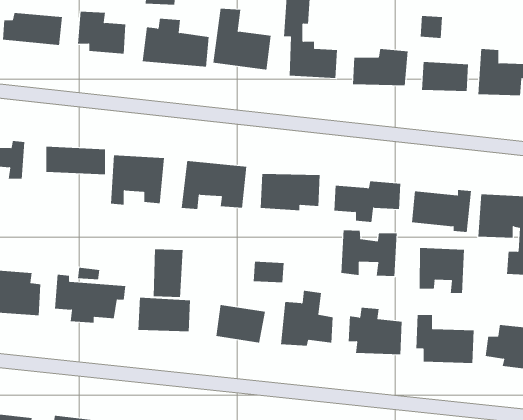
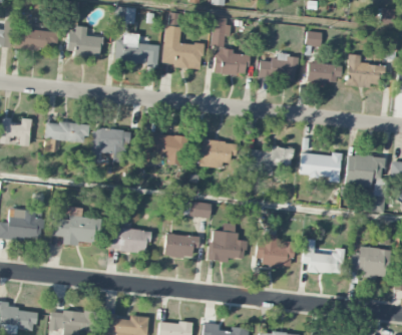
building: [341,230,397,277] -> none
building: [419,247,465,294] -> none
building: [153,248,183,298] -> none

